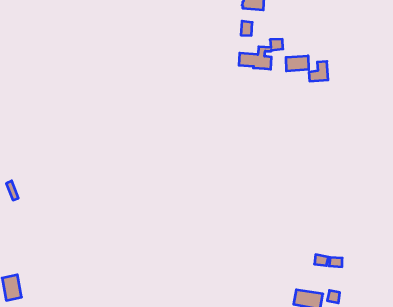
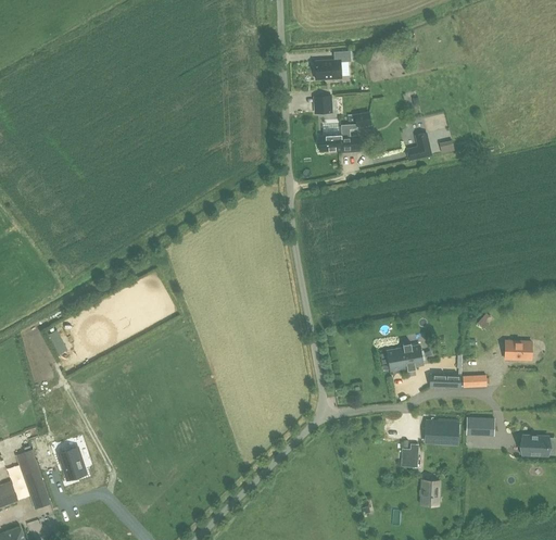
building: [286,56,309,71] -> none
building: none -> [392,342,424,369]
building: none -> [504,339,530,359]

